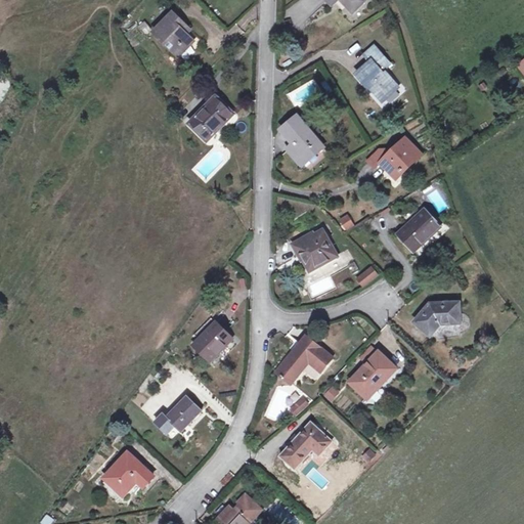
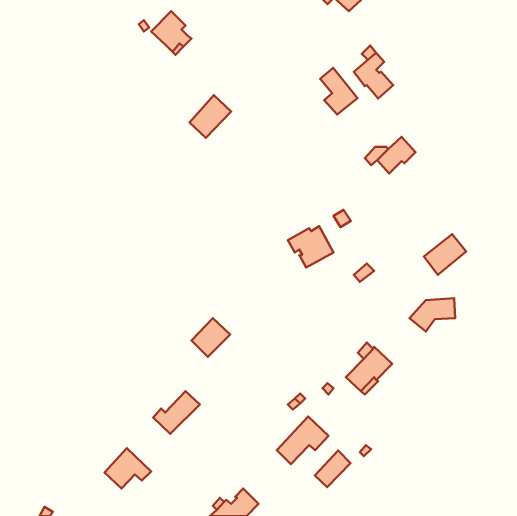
building: [283,116,321,163] -> [320,68,358,114]
building: [396,209,439,250] -> [424,234,466,275]
building: [274,335,333,383] -> none
building: none -> [315,450,351,487]

